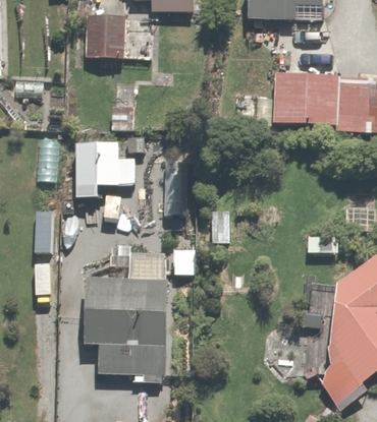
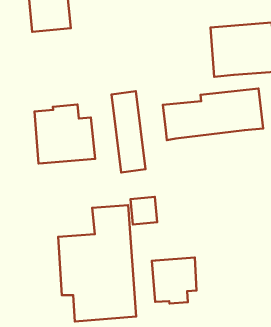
building: none -> [163,88,263,140]
building: none -> [152,258,197,303]

